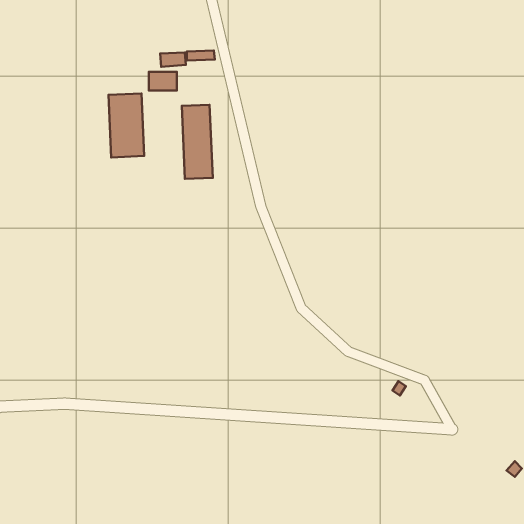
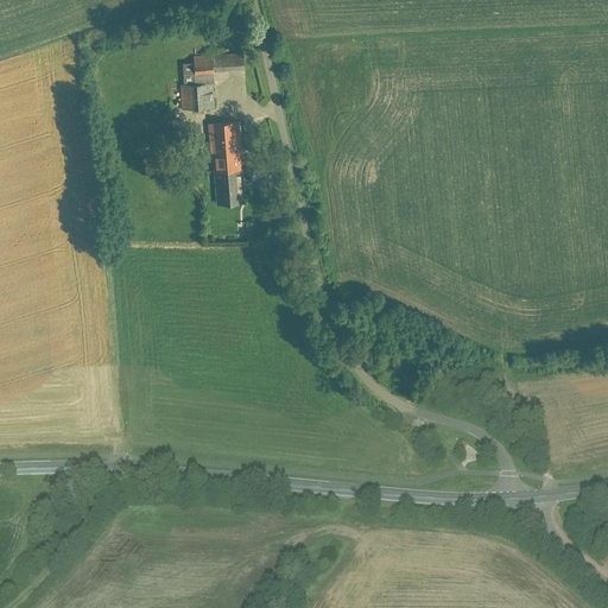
building: [108,93,144,157] -> none

